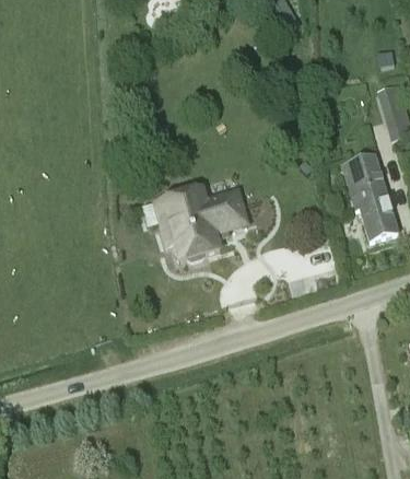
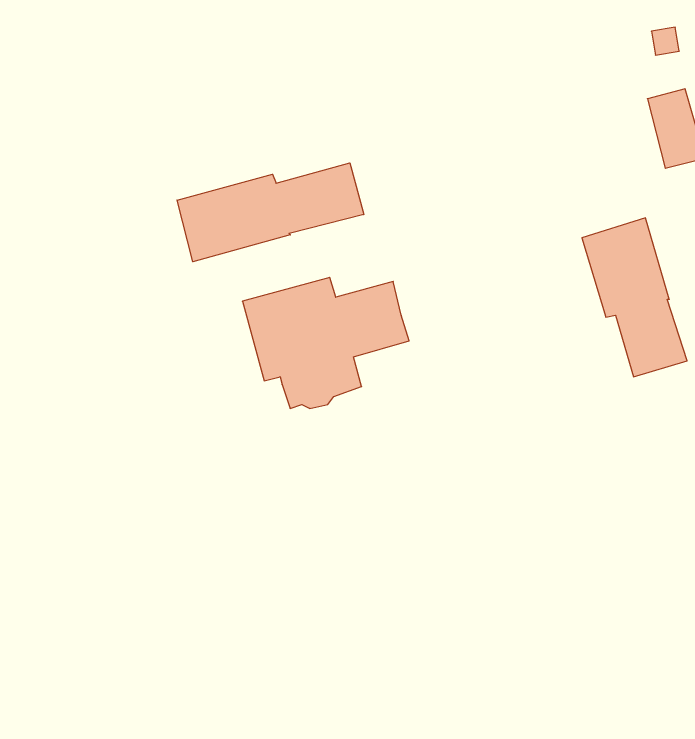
building: none -> [177,163,364,262]

